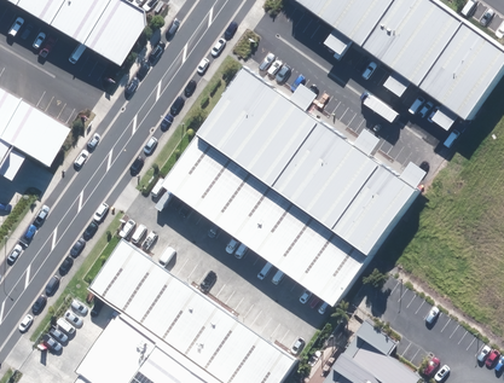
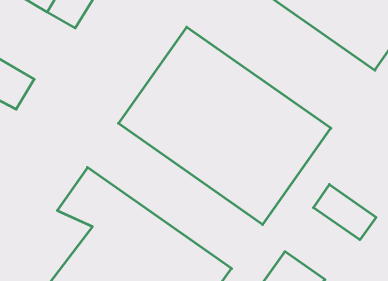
building: none -> [313,184,376,240]

